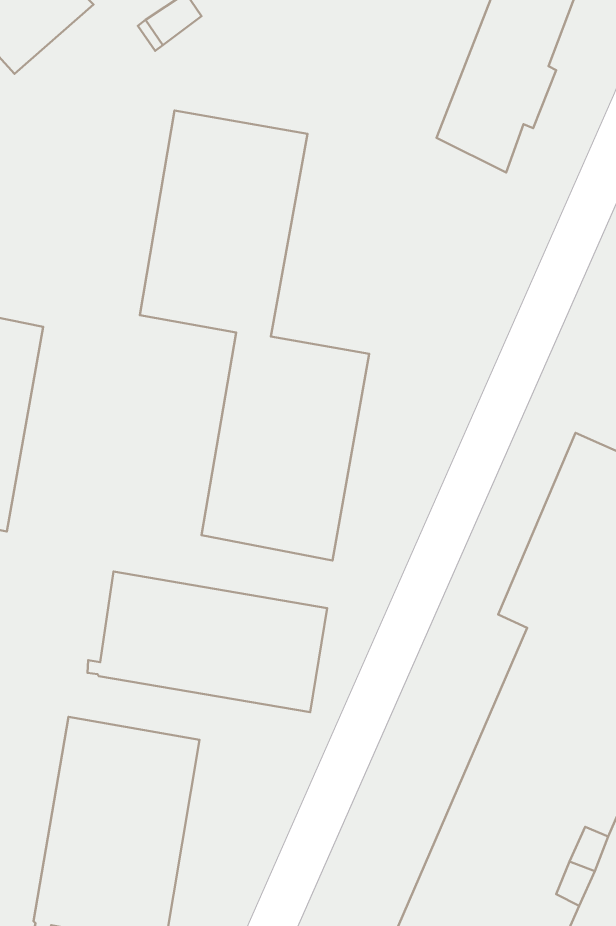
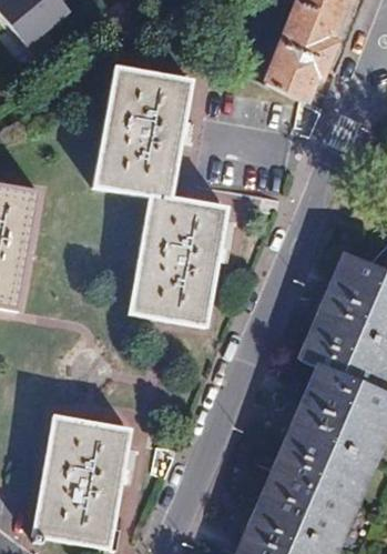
building: [87,572,327,712] -> none

